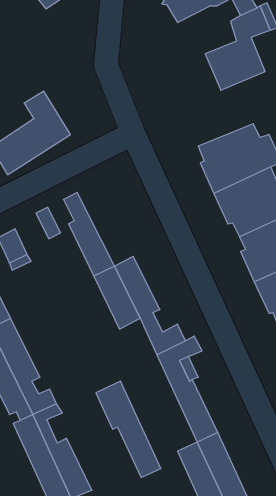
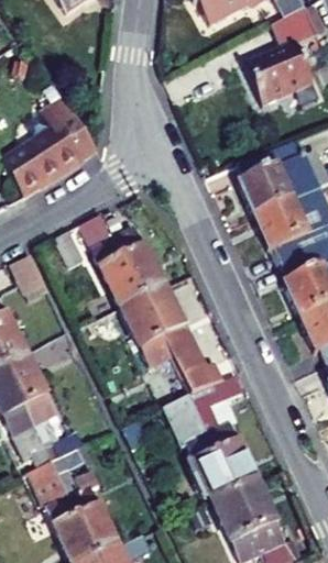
building: none -> [113,229,164,298]
building: [96,381,161,477] -> [163,397,236,505]

